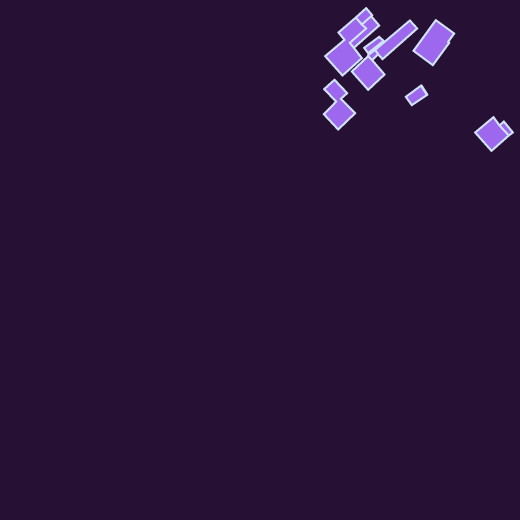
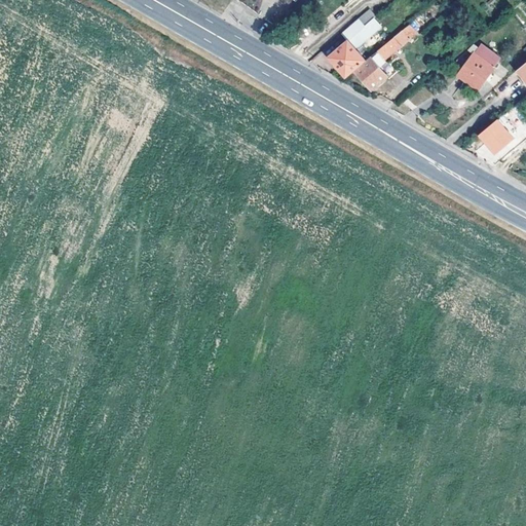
building: [413,20,454,65] -> [457,44,498,89]
building: [324,80,355,129] -> none

